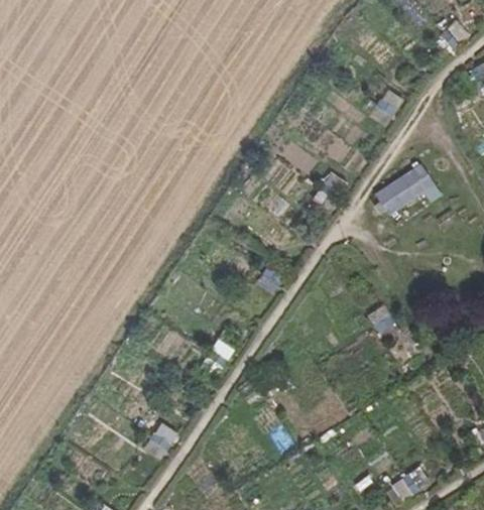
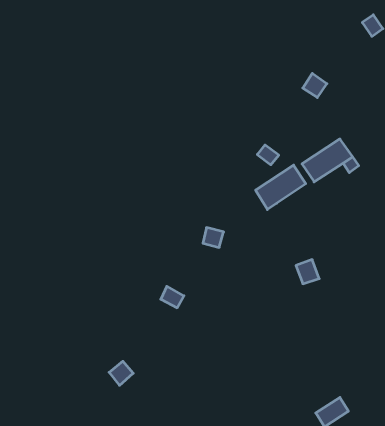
building: none -> [256,165,306,210]

